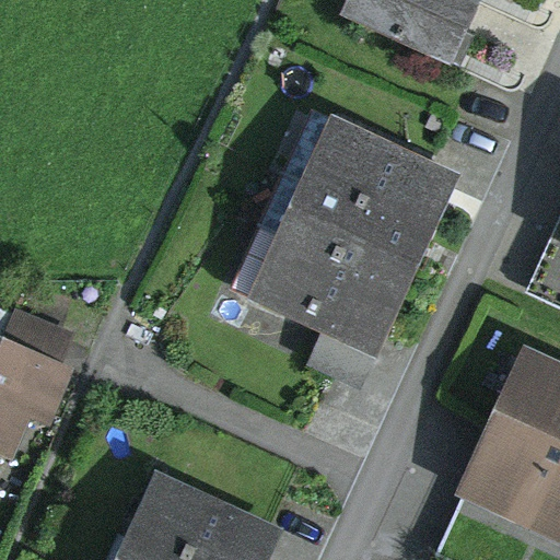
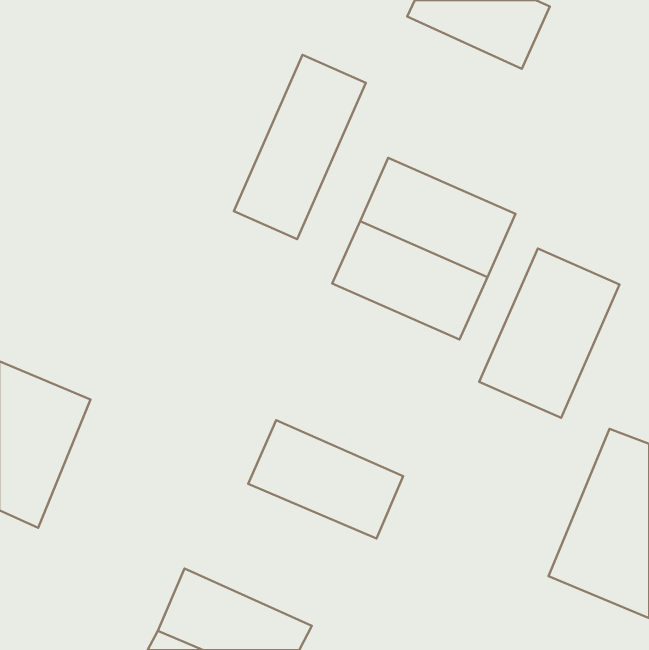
building: none -> [234,55,366,239]
building: none -> [479,249,620,418]
building: [261,244,395,346] -> [248,420,403,538]

